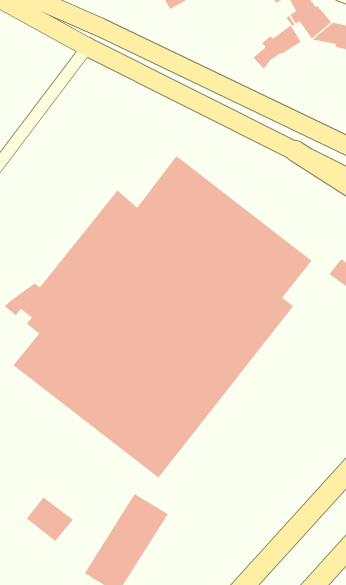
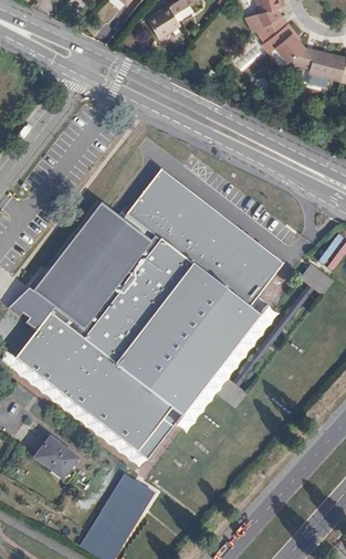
building: [253,25,301,69] -> none
building: [26,496,74,542] -> [34,437,77,478]

